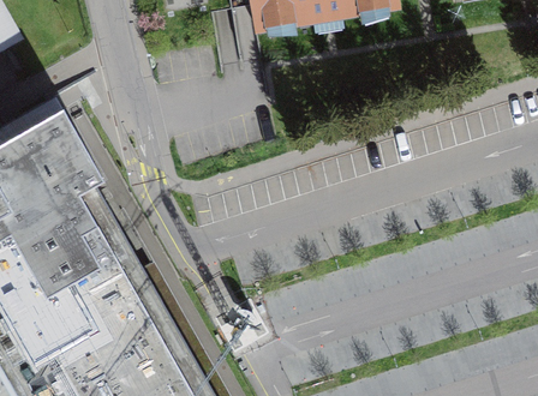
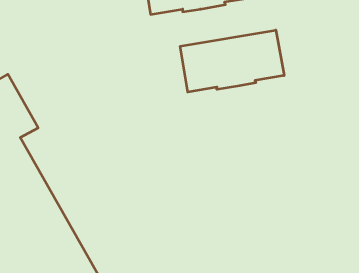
building: none -> [180,30,284,92]

